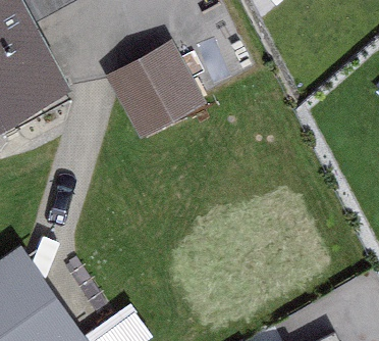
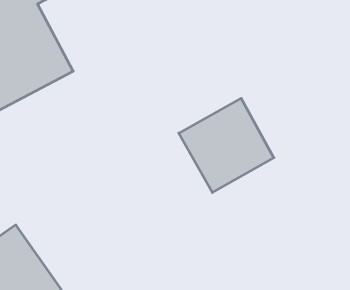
building: [104,45,202,142] -> [179,98,274,193]

